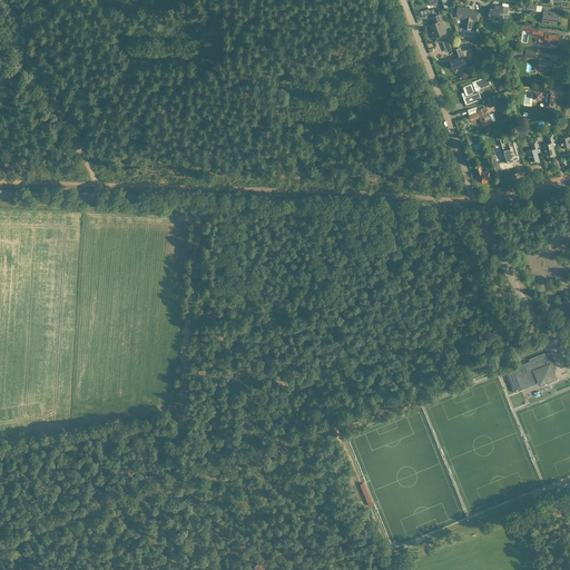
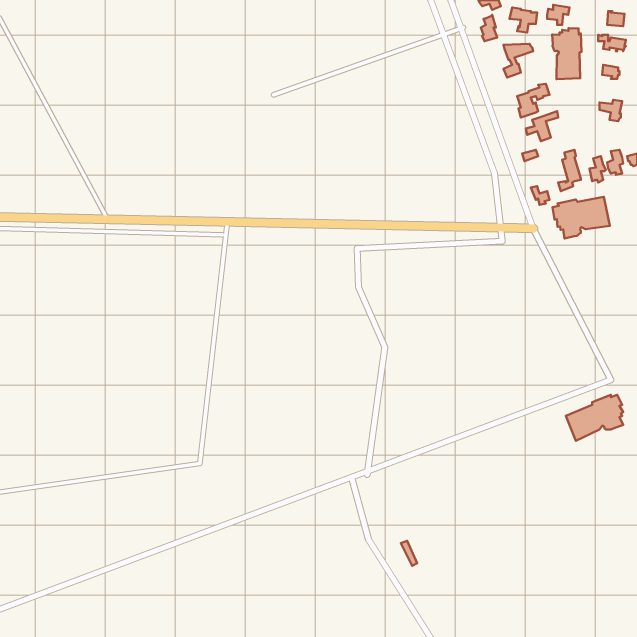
building: none -> [552,28,582,79]
building: none -> [553,197,610,238]

